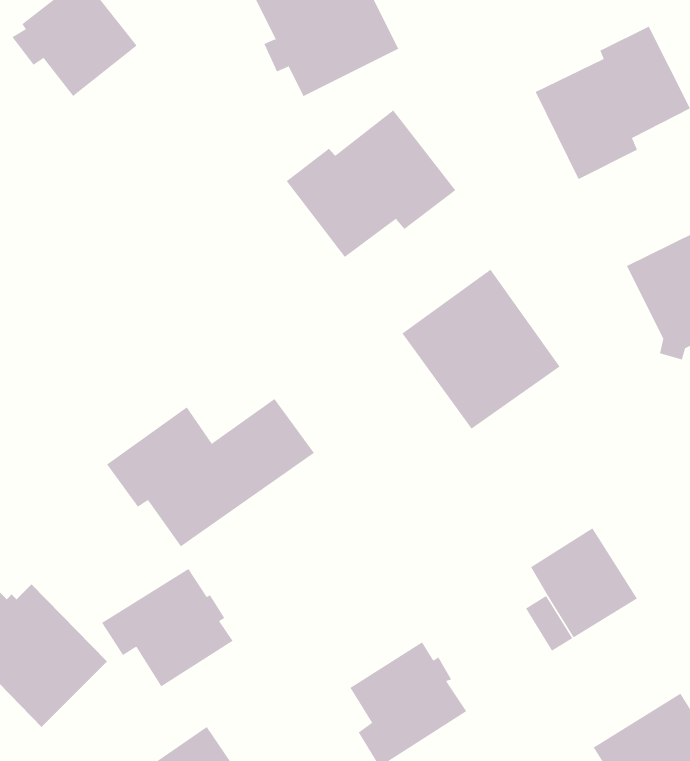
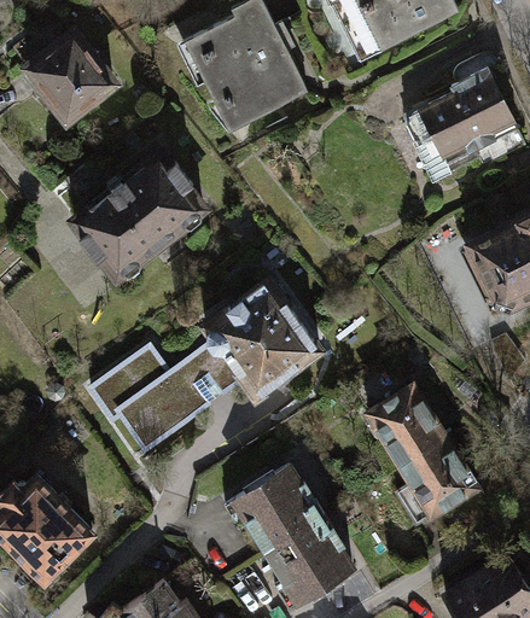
building: [286,109,456,258] -> none
building: none -> [72,154,203,279]
building: [402,269,561,430] -> [203,280,319,397]
building: none -> [367,383,444,464]
building: [101,568,234,687] -> [223,465,320,552]

